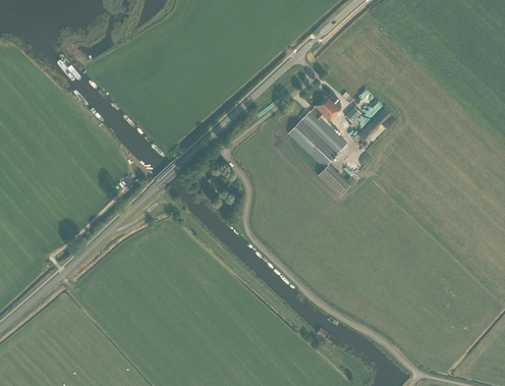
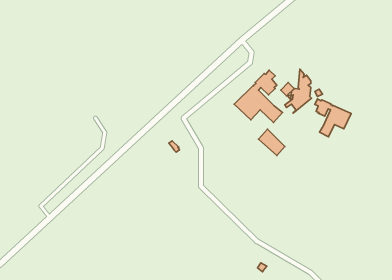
building: none -> [315,99,351,137]

